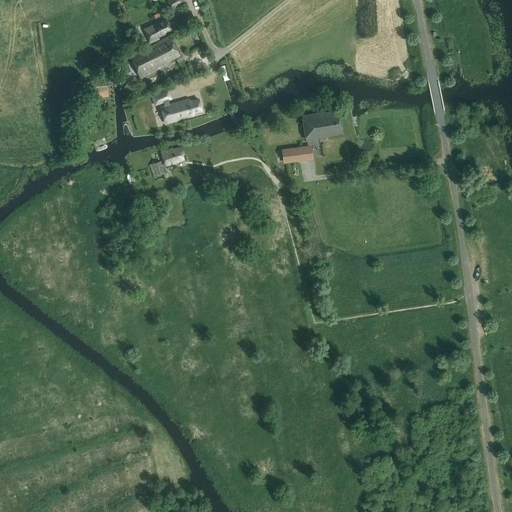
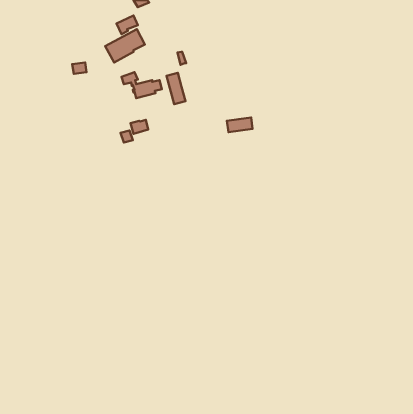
building: none -> [167,73,185,104]
building: [303,110,341,139] -> none

